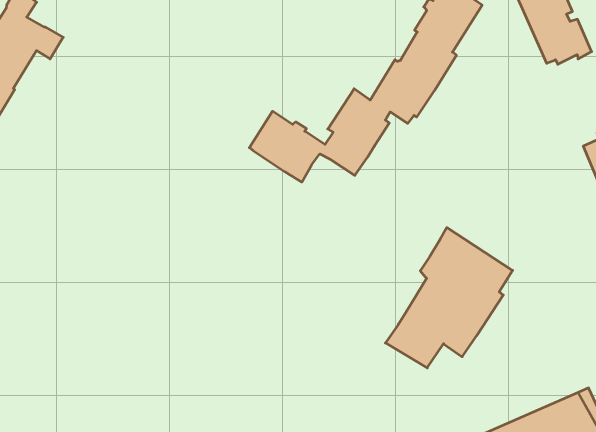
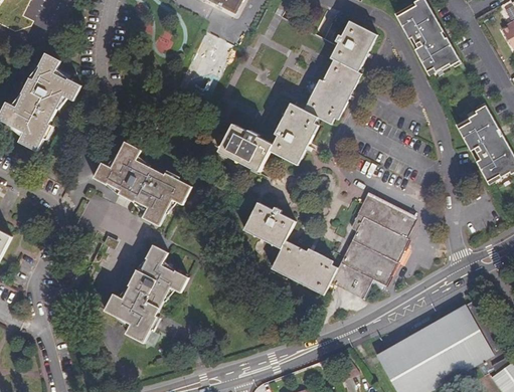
building: none -> [94,141,192,225]
building: none -> [245,201,337,292]
building: none -> [106,244,189,342]

